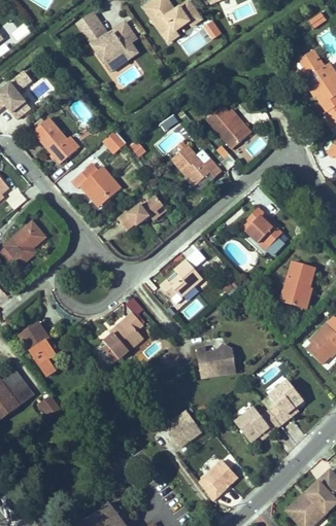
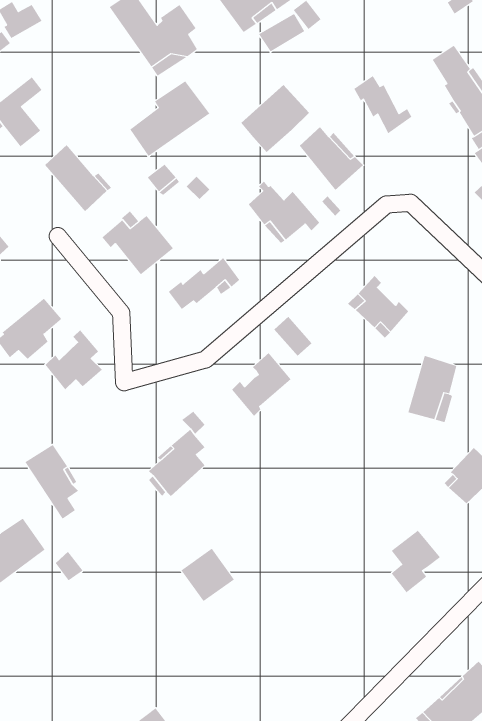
building: none -> [353,75,412,134]
building: none -> [130,81,210,157]
building: none -> [240,84,310,153]
building: none -> [45,329,103,390]
building: [196,347,235,378] -> none
building: [235,408,279,442] -> none
building: [164,410,201,447] -> [181,548,235,602]
building: [197,460,237,500] -> none

